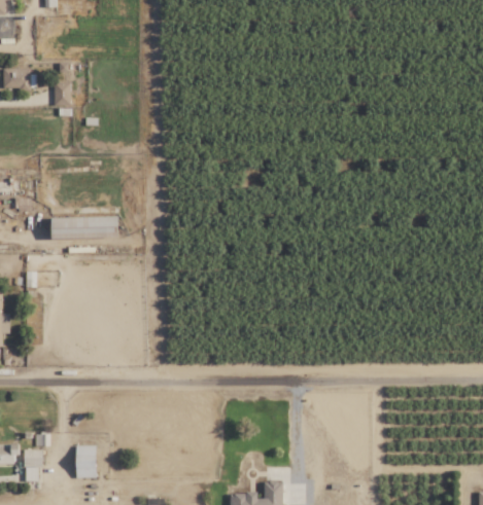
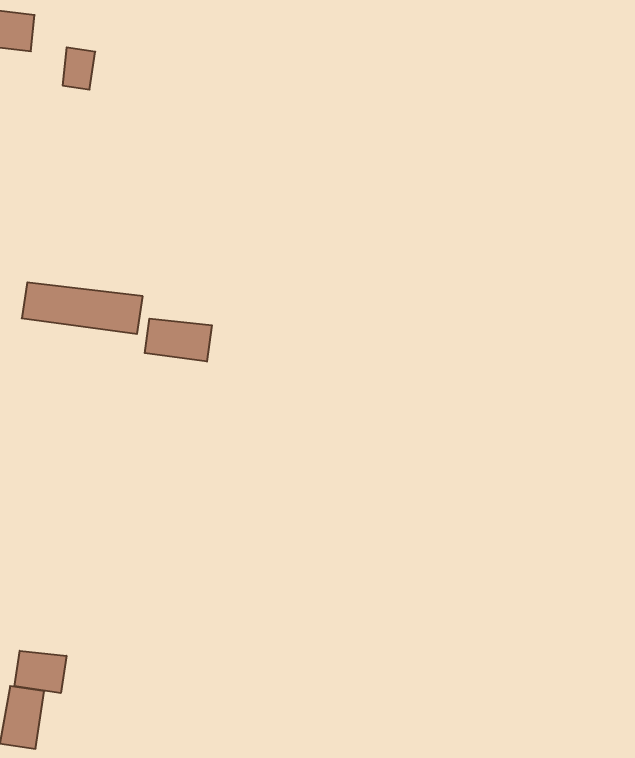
building: none -> [145,319,212,362]
building: none -> [14,651,66,693]

